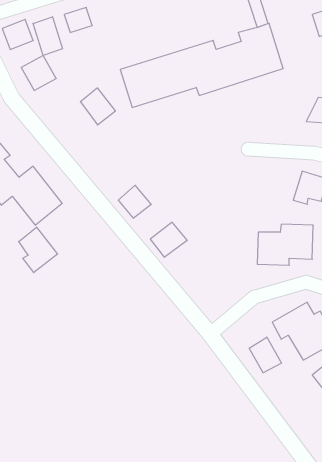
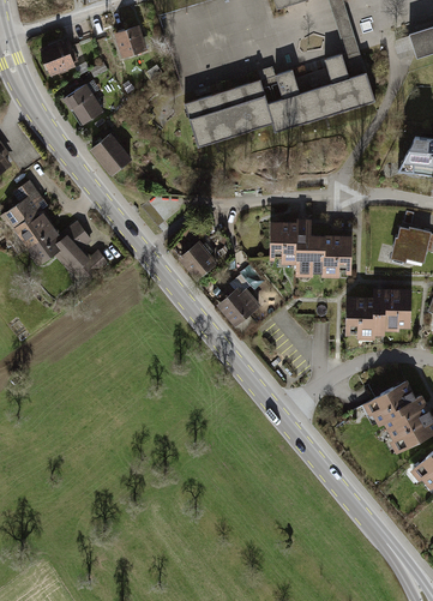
building: [33,17,63,55] -> none
building: [80,88,115,125] -> [89,131,131,175]
building: none -> [267,218,353,275]
building: [19,227,58,273] -> none
building: [249,337,281,373] -> none

